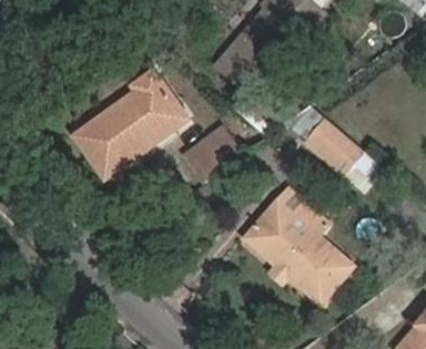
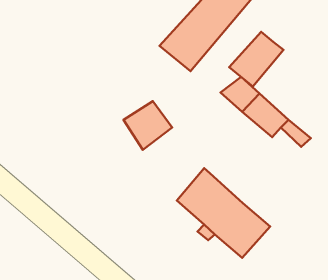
building: none -> [229,32,284,86]
building: [68,70,174,174] -> none
building: [278,187,333,244] -> none

